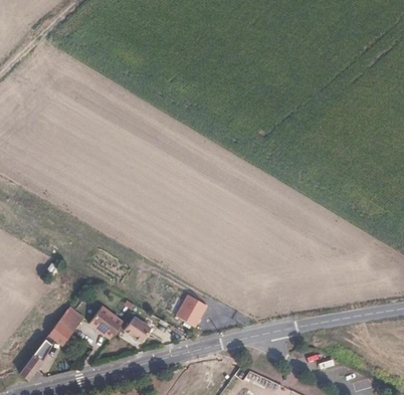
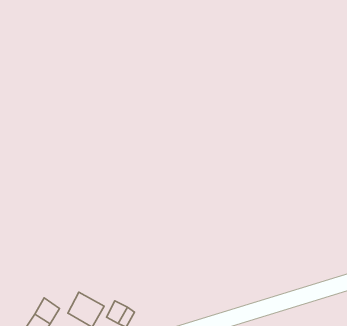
building: [175,292,206,325] -> none

